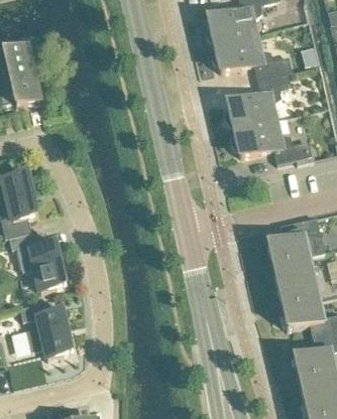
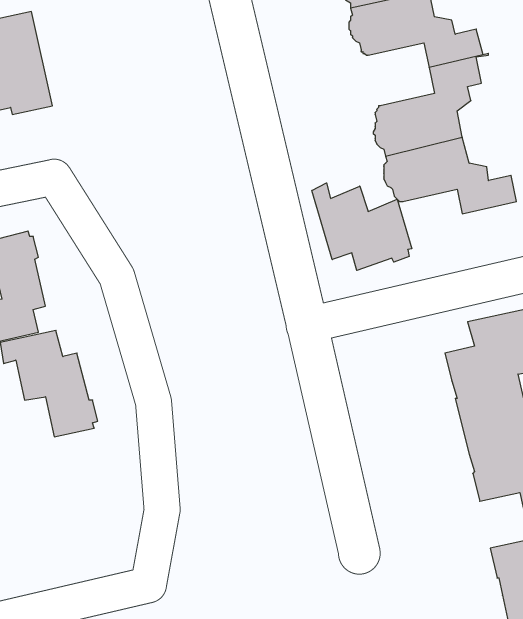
building: none -> [312,183,412,270]
building: [20,299,72,358] -> none

